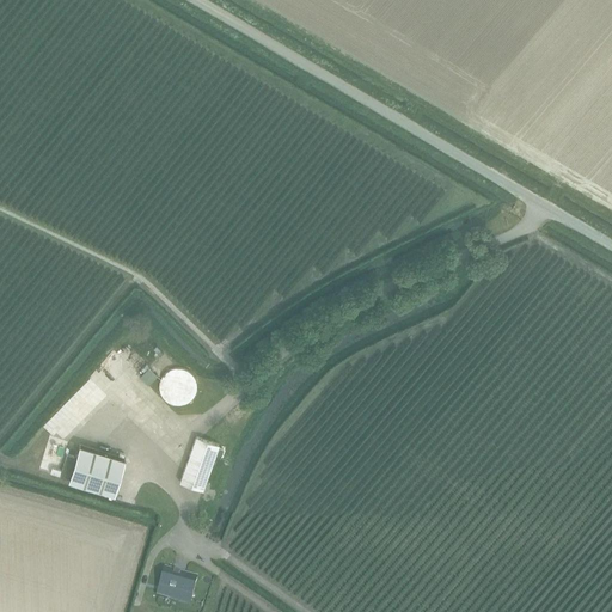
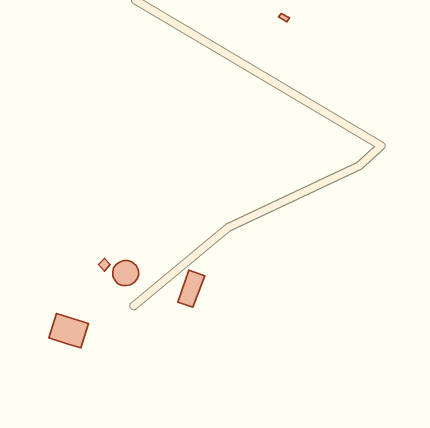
building: [180,439,219,491] -> [178,270,205,307]
building: [160,573,198,599] -> none

